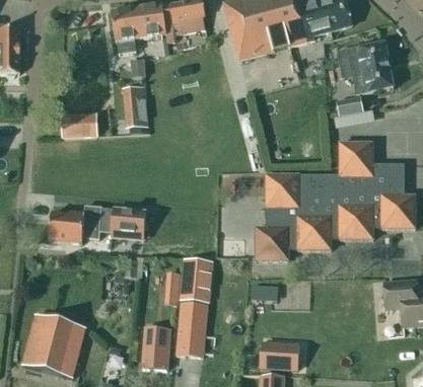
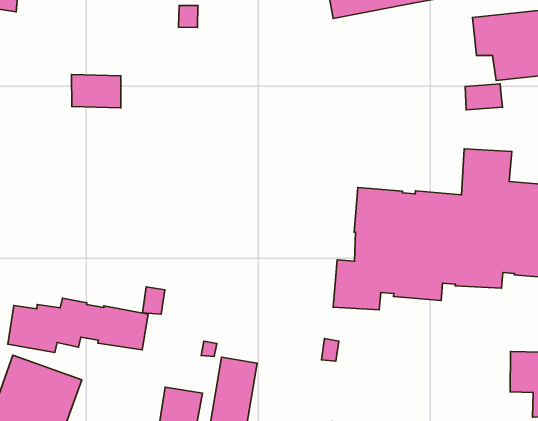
building: [122,85,148,133] -> none
building: [50,205,146,243] -> [8,298,148,352]
building: [183,258,212,302] -> none

